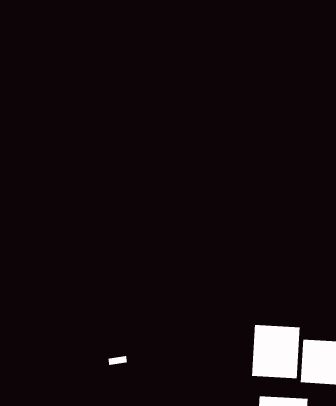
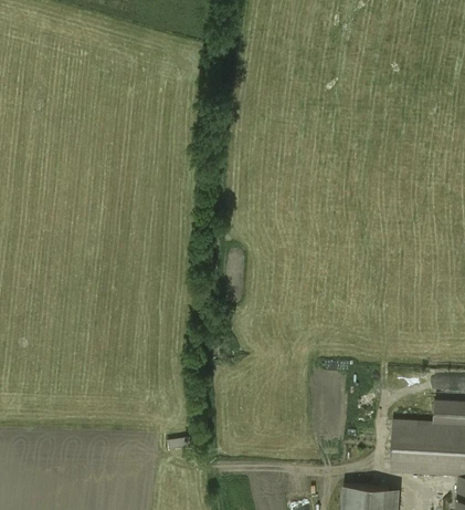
building: [251,324,301,379] -> none

